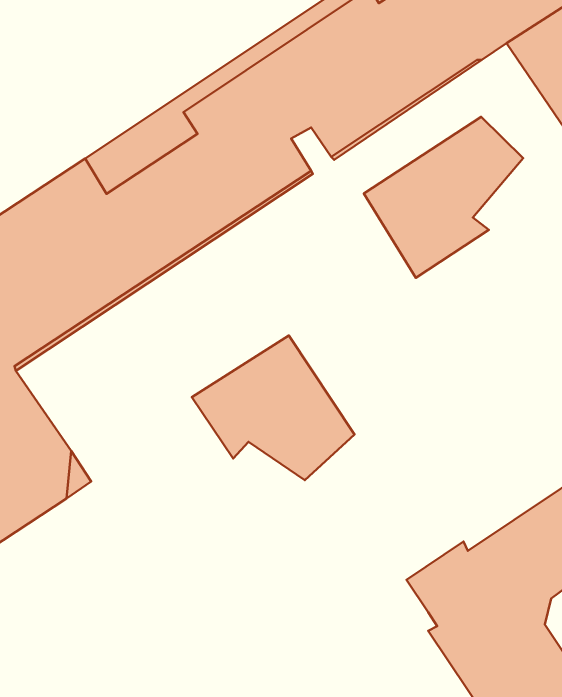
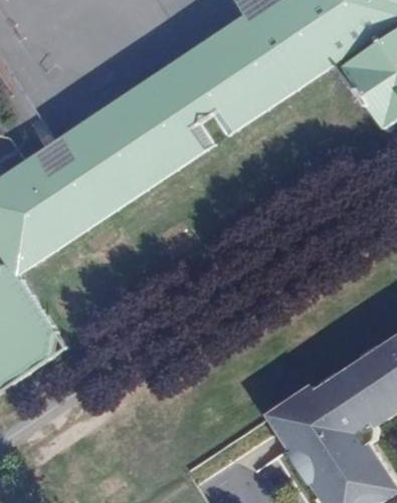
building: [364,117,523,278] -> none
building: [192,335,354,480] -> none

